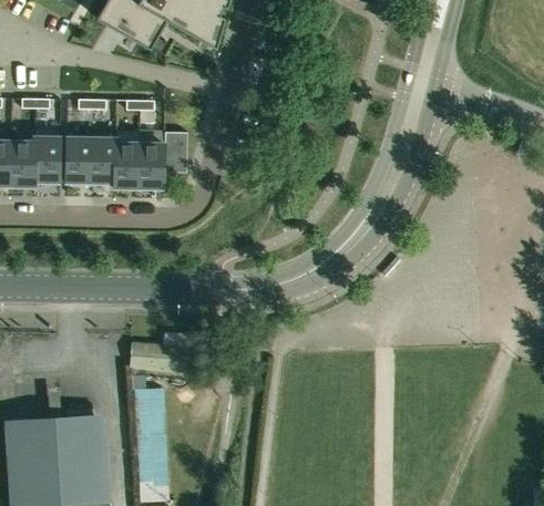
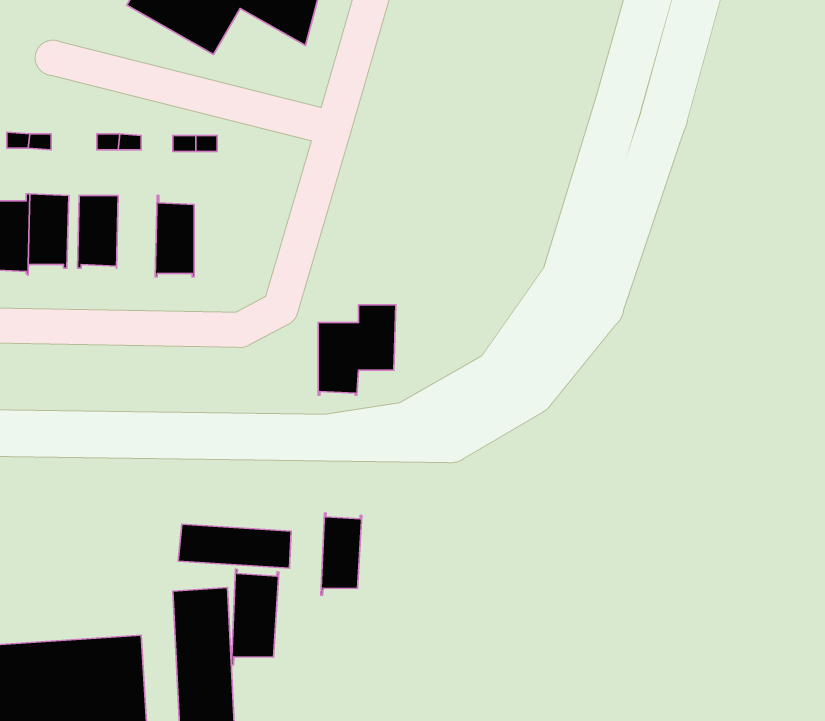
building: [138,132,187,188] -> [318,305,396,395]
building: [90,137,115,188] -> none
building: none -> [321,513,362,595]
building: none -> [231,569,279,665]

